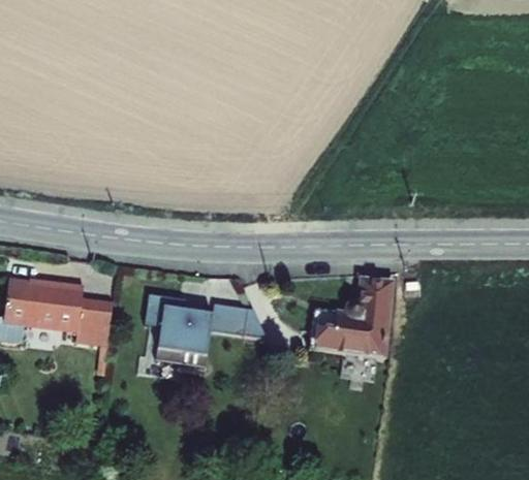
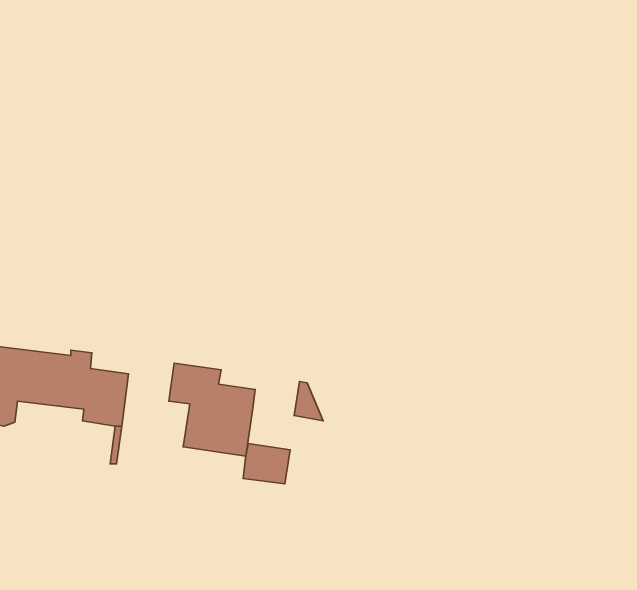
building: [315,278,392,358] -> none
building: [211,301,248,333] -> [243,443,290,484]

